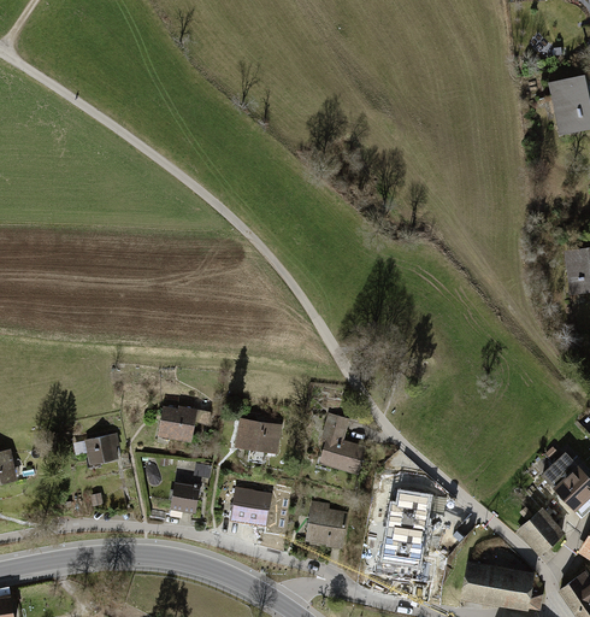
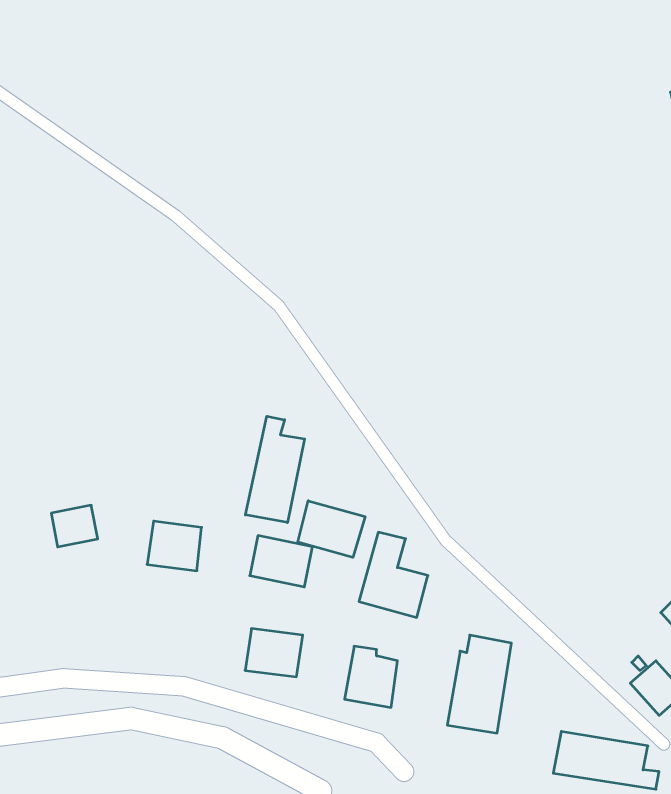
building: none -> [245,416,305,523]
building: none -> [298,501,365,557]
building: [83,431,118,463] -> [51,505,98,547]
building: [169,475,200,511] -> none

